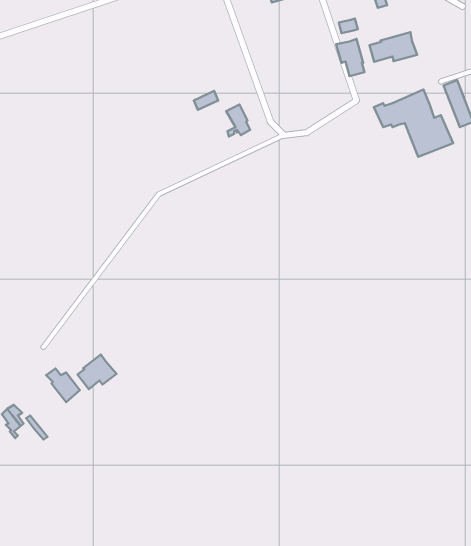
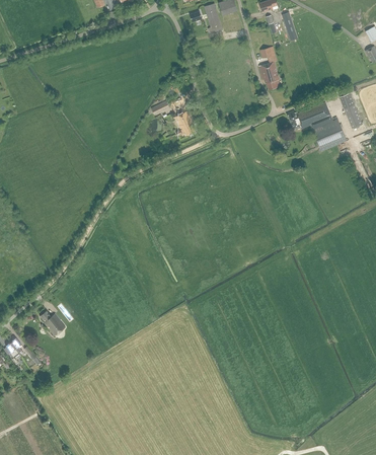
building: [370,32,417,62] -> none
building: [77,354,117,389] -> none

